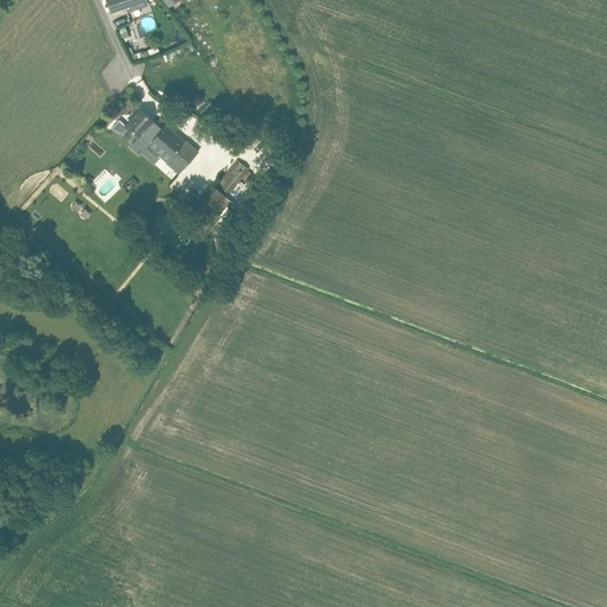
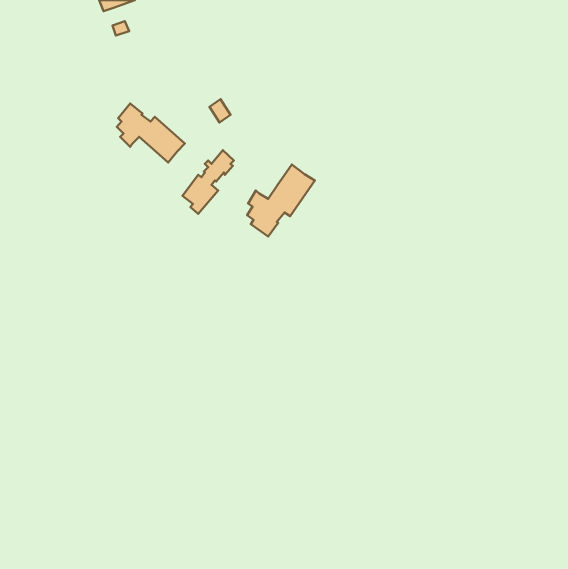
building: none -> [247,165,315,237]

